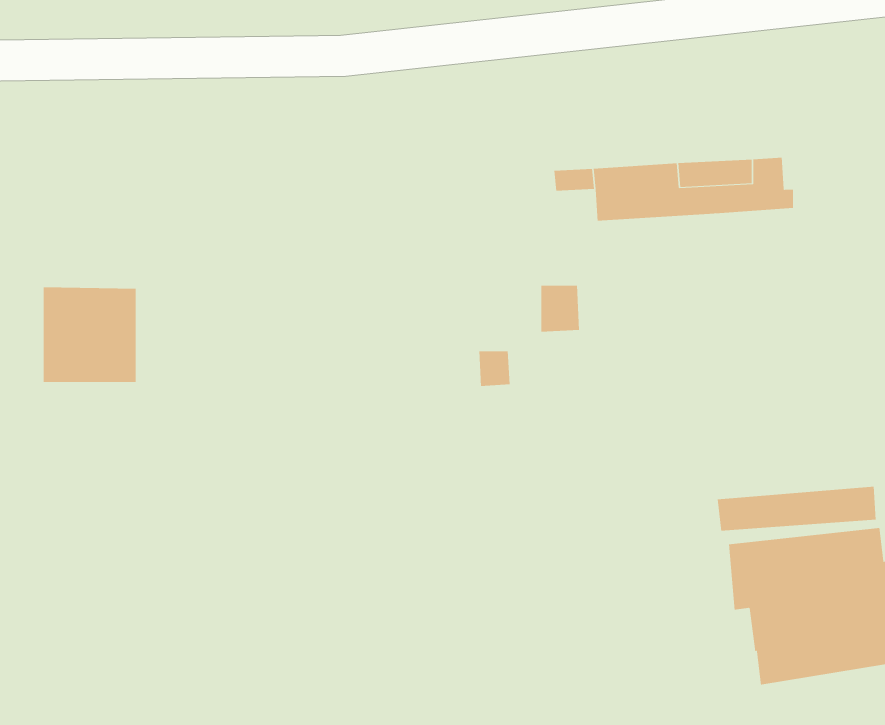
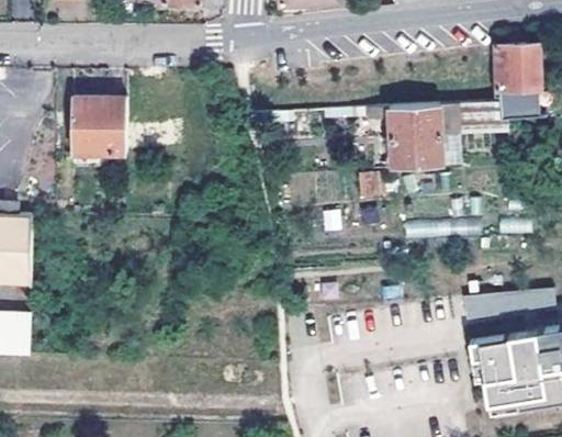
building: none -> [493,42,540,117]
building: none -> [392,132,463,168]
building: [43,287,137,383] -> [72,97,127,153]

